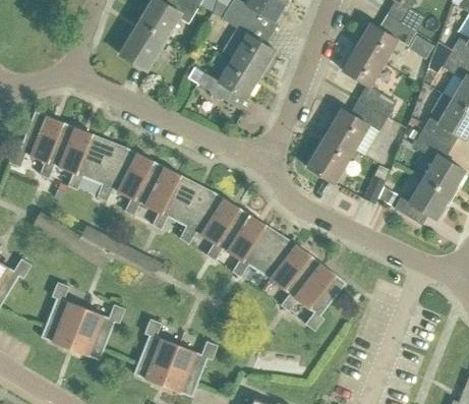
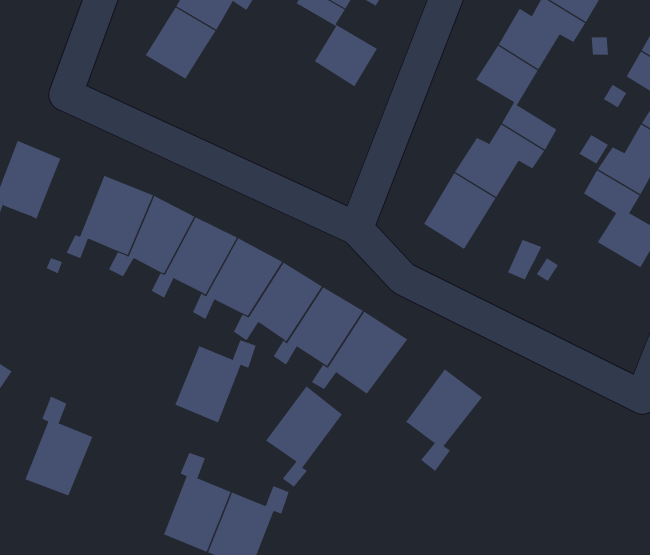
building: [198,57,260,99] -> none
building: [39,122,93,178] -> none
building: [394,178,452,225] -> none
building: [269,243,320,311] -> [265,386,343,488]
building: [69,304,124,360] -> [174,339,257,423]

